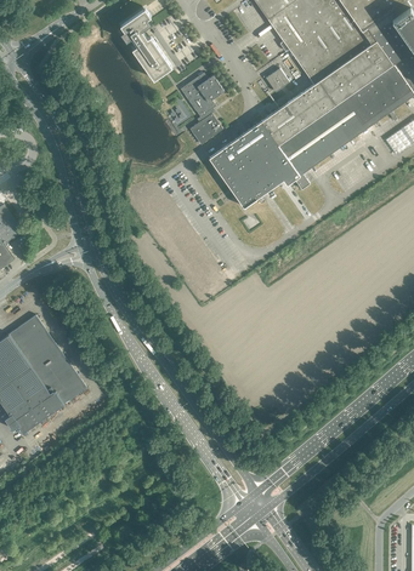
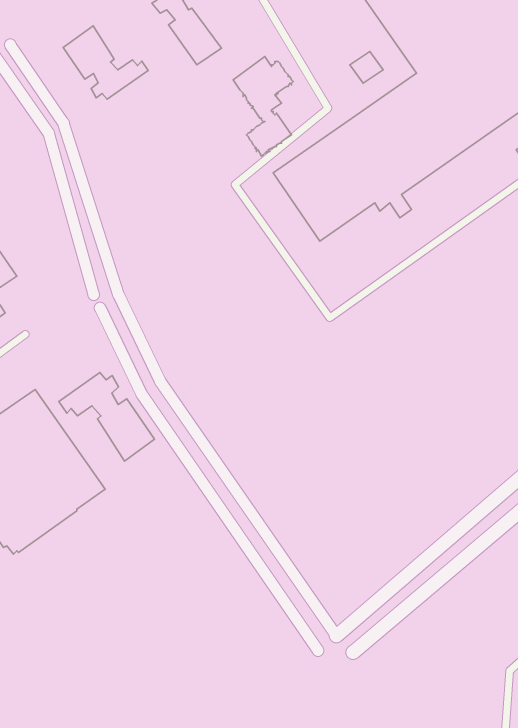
building: none -> [63,26,148,99]
building: none -> [59,372,155,461]

